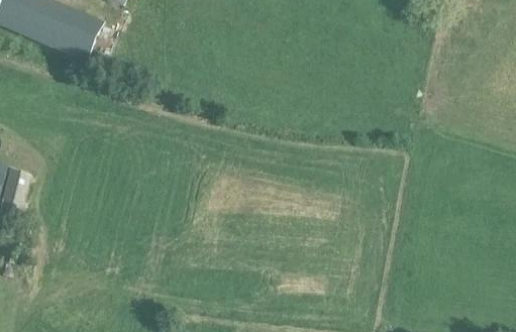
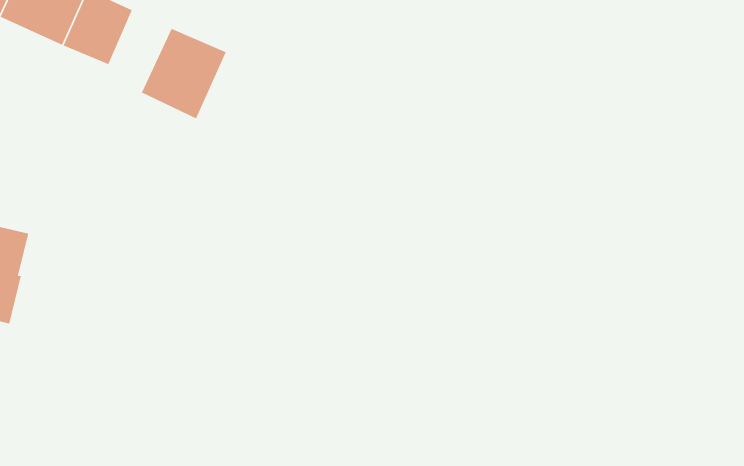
building: none -> [141,28,227,119]

